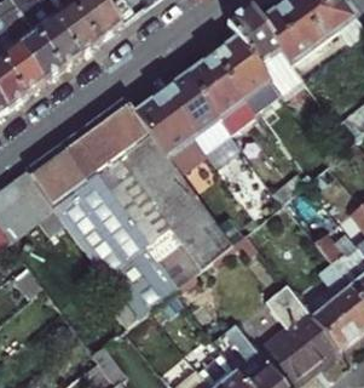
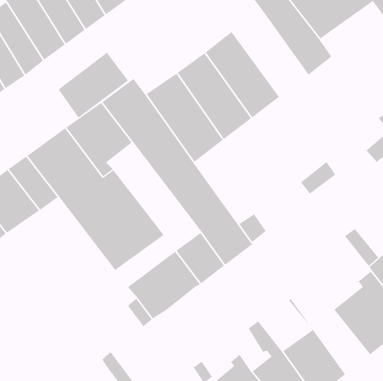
building: [212,36,281,115] -> none
building: none -> [58,52,129,118]
building: [265,283,336,366] -> none

